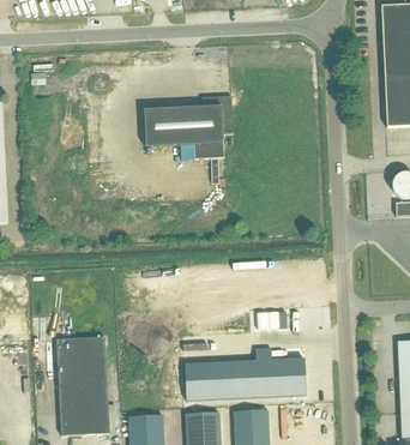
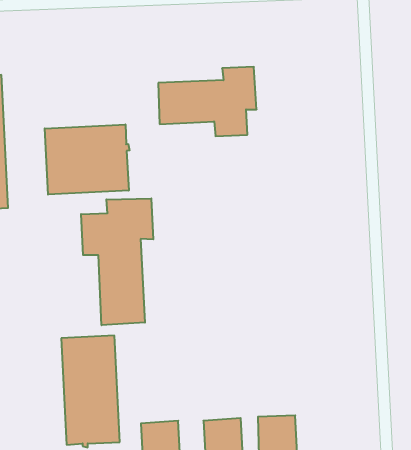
building: none -> [45,124,130,195]
building: none -> [81,198,153,325]
building: [183,357,306,401] -> none

